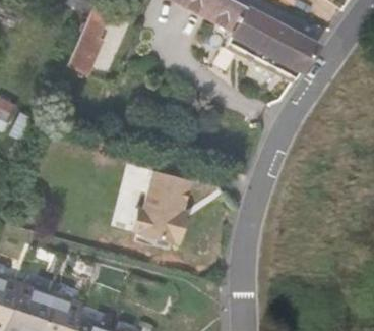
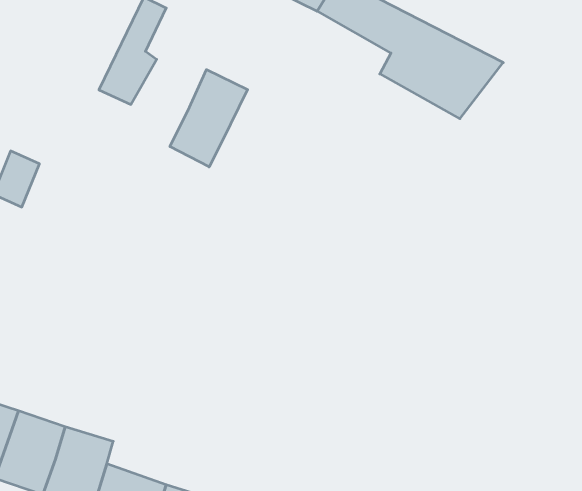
building: none -> [170,70,248,167]
building: [129,173,192,247] -> none

